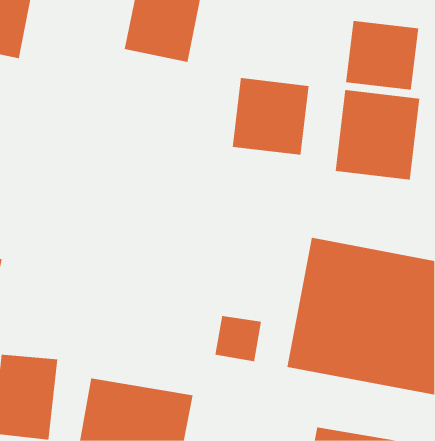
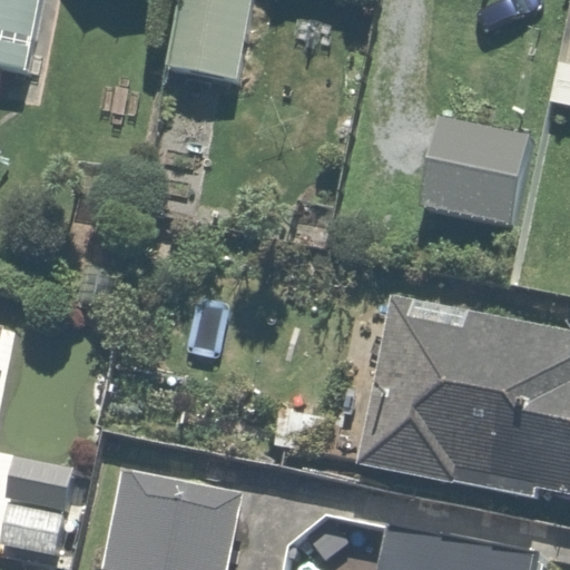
building: [346,20,419,91] -> none
building: [232,77,309,156] -> none

